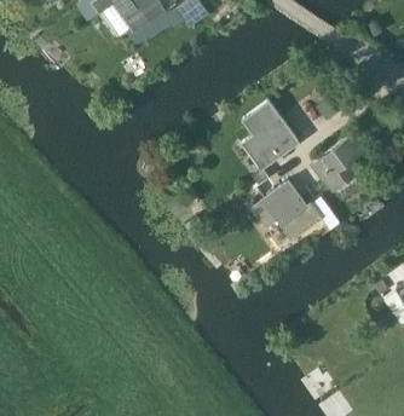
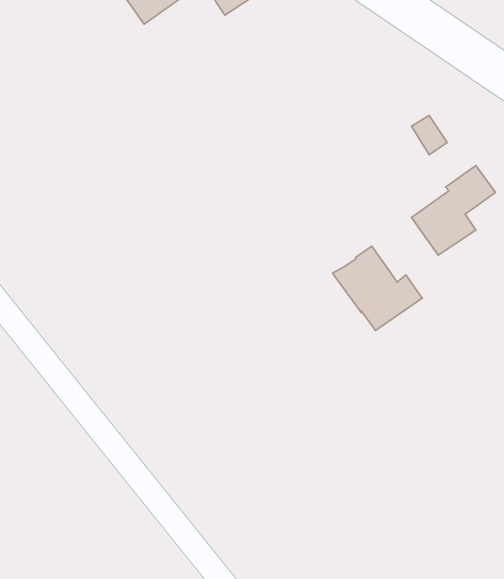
building: [241,102,299,169] -> none

